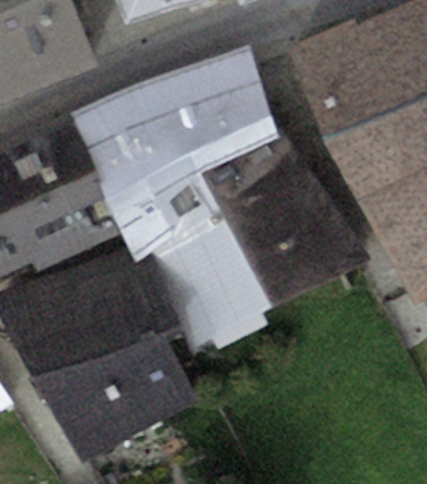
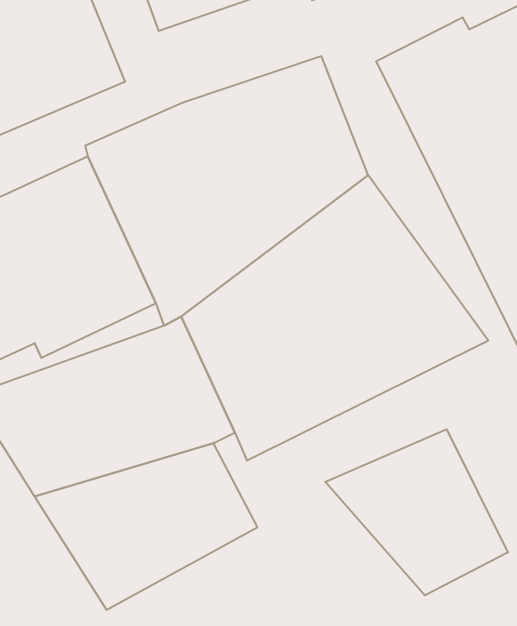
building: none -> [325,429,508,595]

